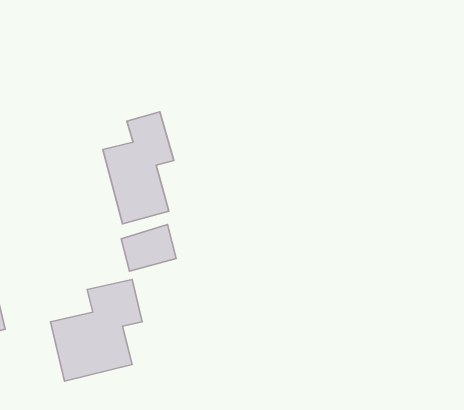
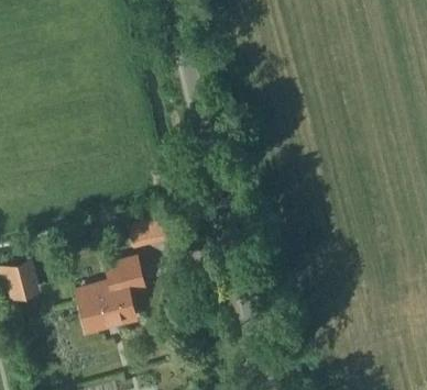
building: [103,112,174,224] -> none

